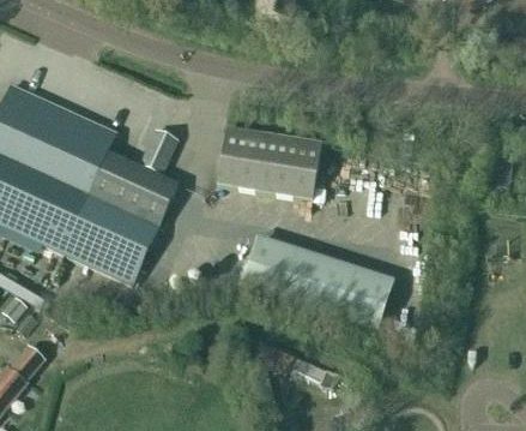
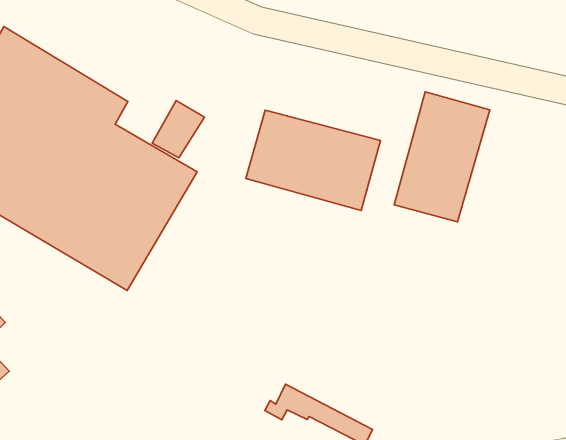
building: none -> [394,92,490,222]
building: [241,240,393,330] -> none

